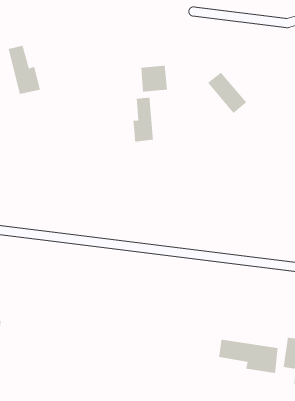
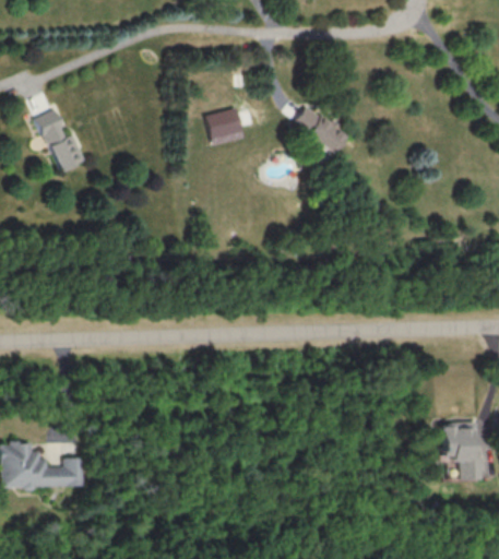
building: [133,97,153,142] -> none
building: [218,339,278,374] -> none

